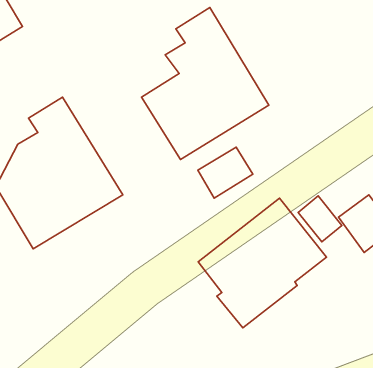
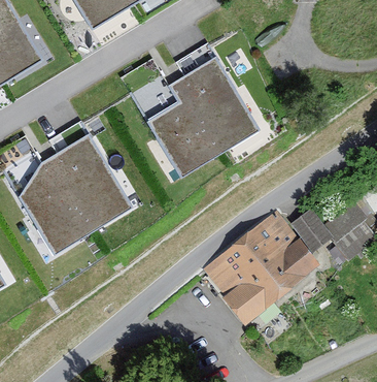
building: [198,147,253,198] -> none

